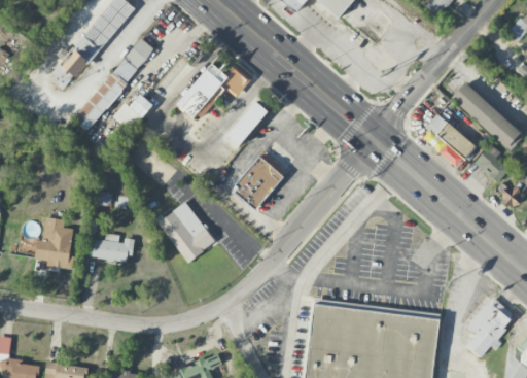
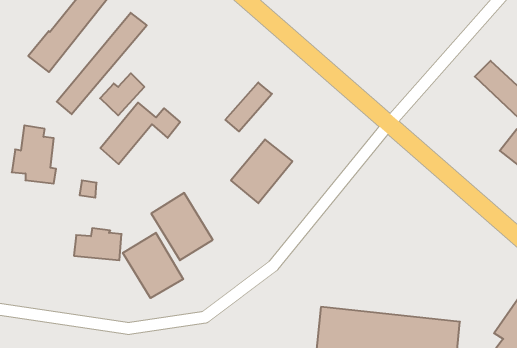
building: [177,62,249,117] -> [100,103,180,164]
building: [421,113,475,167] -> none
building: [35,216,75,269] -> [12,125,56,184]
building: none -> [123,233,183,298]

